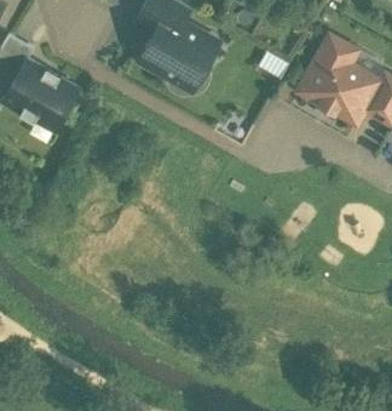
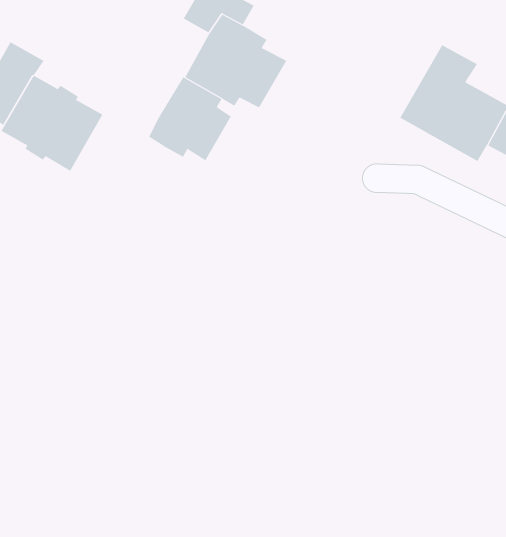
building: none -> [148,76,231,161]

